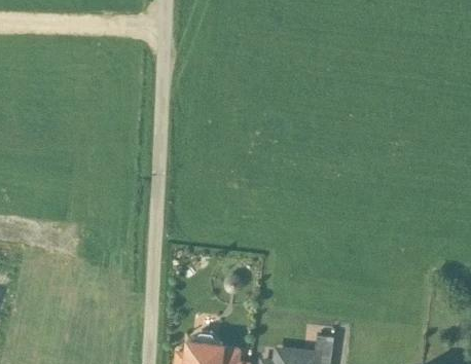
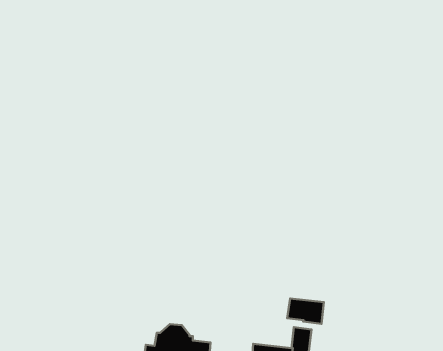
building: none -> [287,298,324,324]

